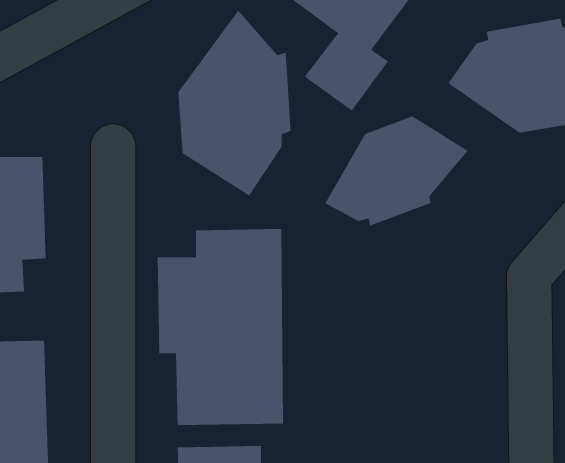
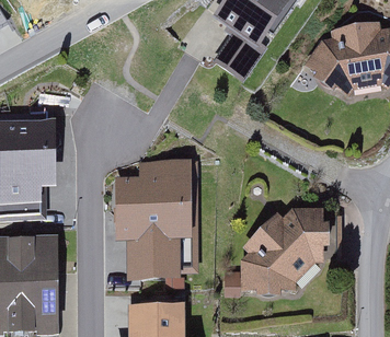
building: [178,10,291,196] -> none
building: [325,115,469,226] -> none
building: none -> [240,208,325,298]

